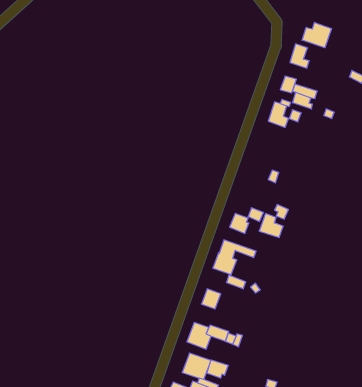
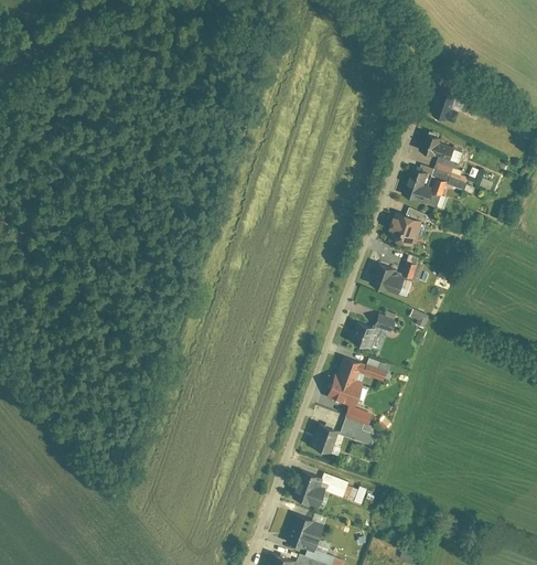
building: [302,22,331,48] -> none
building: none -> [390,214,423,247]
building: [259,213,283,237] -> [374,263,407,296]
building: none -> [341,417,377,447]
building: [207,360,228,378] -> none

